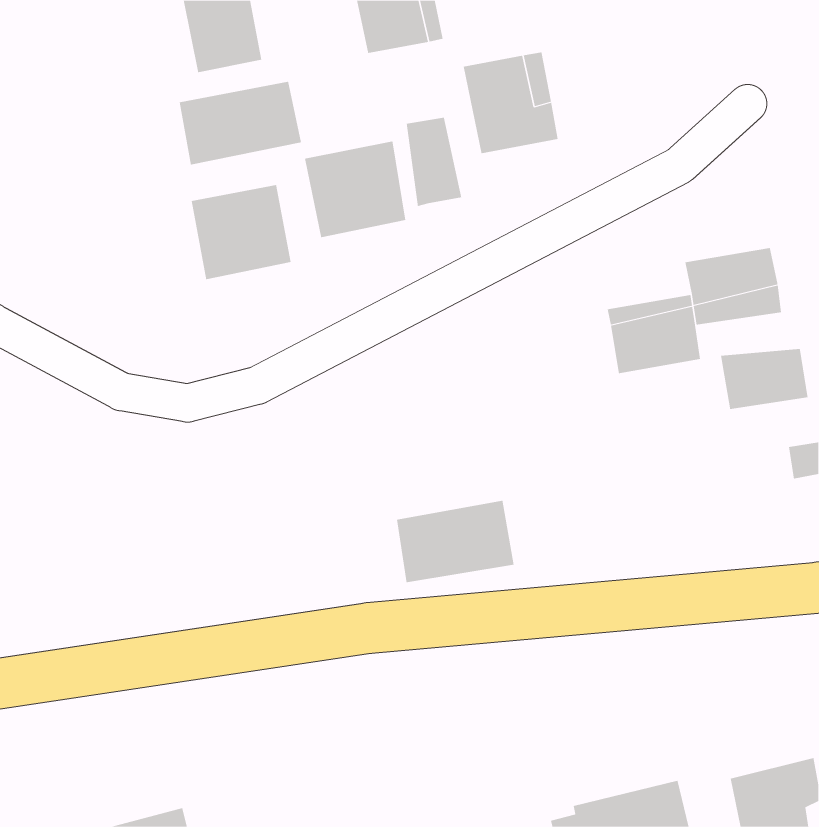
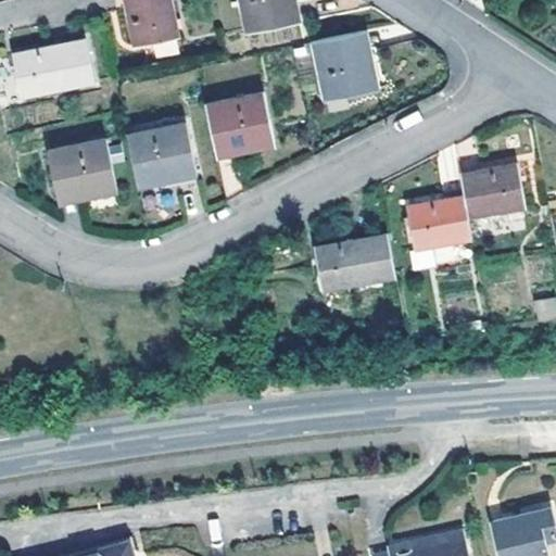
building: [179,81,302,165] -> [13,41,96,98]
building: [406,117,462,207] -> none
building: none -> [48,140,115,204]
building: [720,348,808,410] -> none
building: [396,500,514,583] -> [314,236,393,291]

